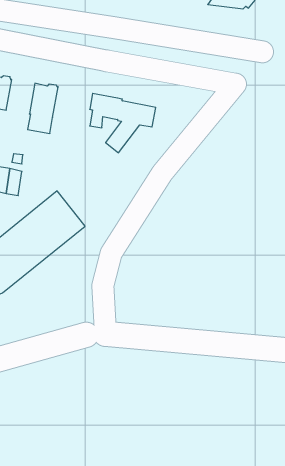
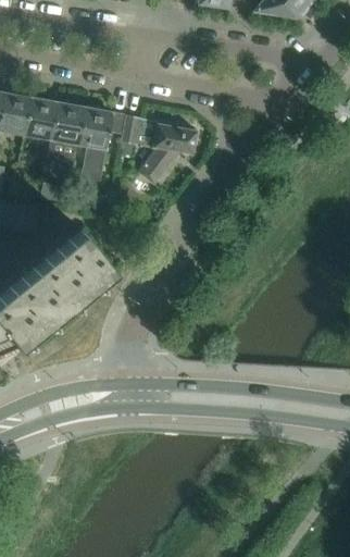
building: none -> [22,97,55,138]
building: none -> [76,107,123,193]

